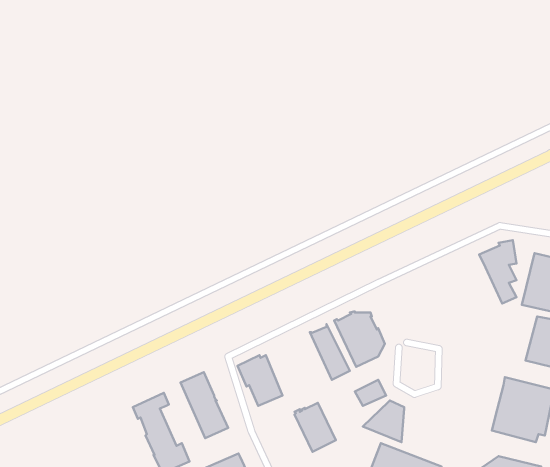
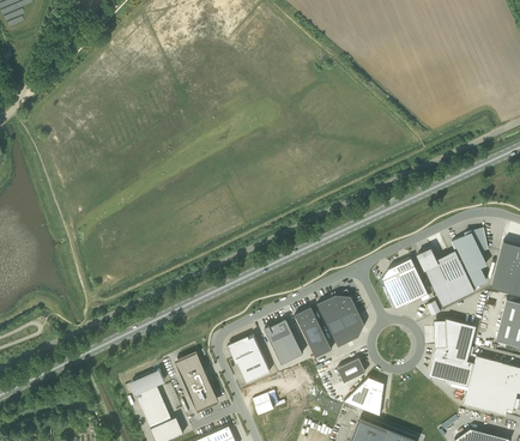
building: none -> [417,248,474,306]
building: none -> [382,256,428,308]
building: none -> [429,316,476,385]
building: [295,403,336,452] -> [265,318,303,363]

